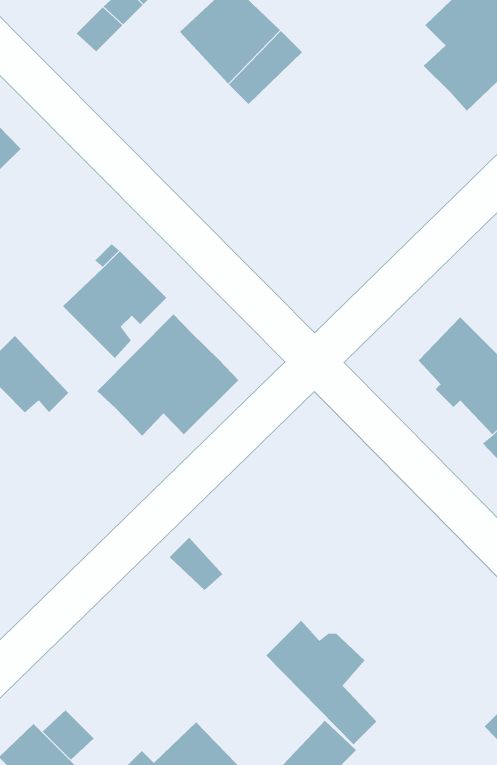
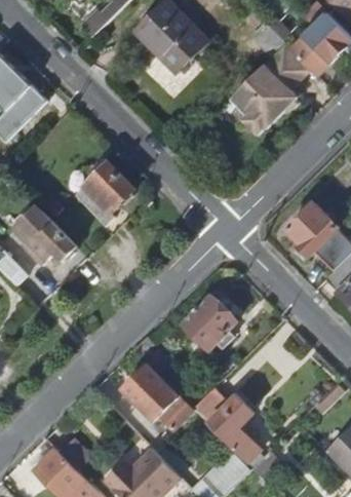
building: none -> [233,45,306,137]
building: [97,313,239,437] -> none
building: none -> [183,299,236,351]
building: none -> [122,364,191,427]

